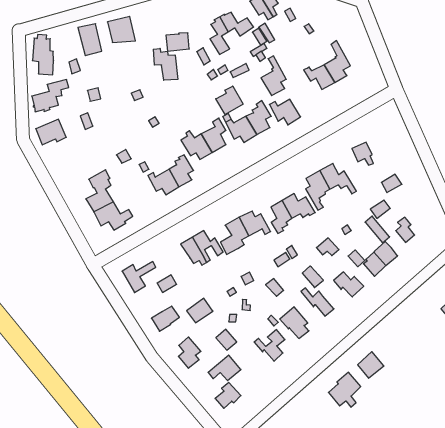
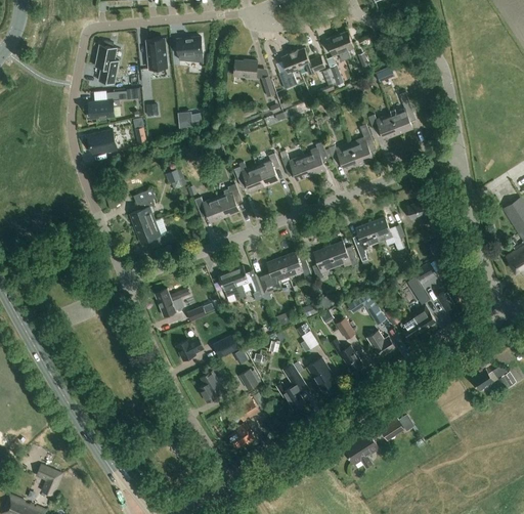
building: [153,48,178,80] -> none
building: [261,56,286,96] -> [350,125,376,165]
building: [216,86,243,115] -> none

